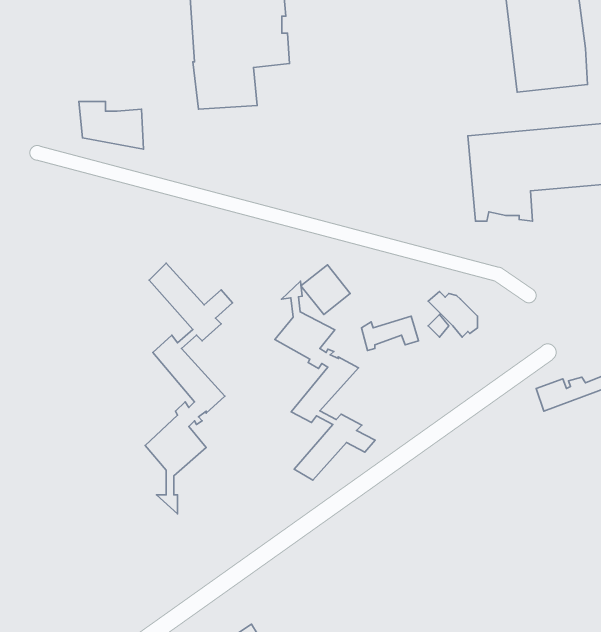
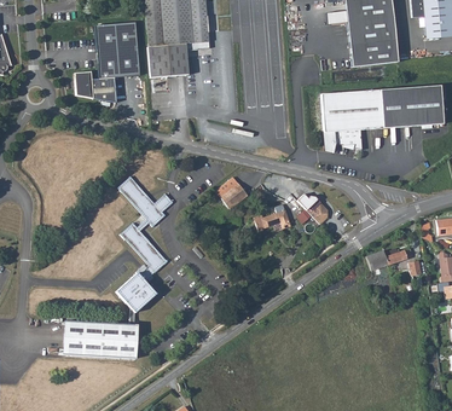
building: none -> [94,23,139,79]
building: [275,281,375,480] -> none
building: none -> [63,322,138,355]

